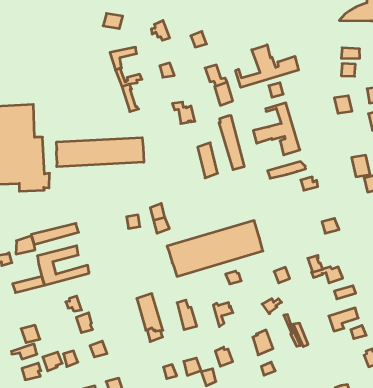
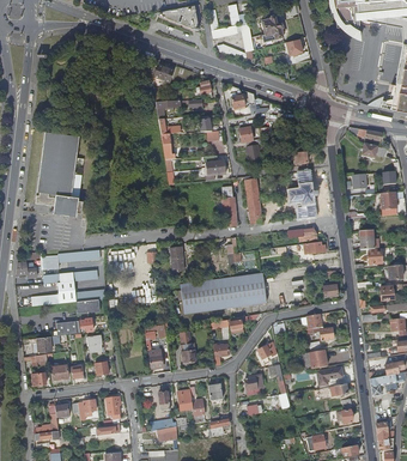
building: [236,45,299,87] -> none
building: [56,138,144,167] -> none

